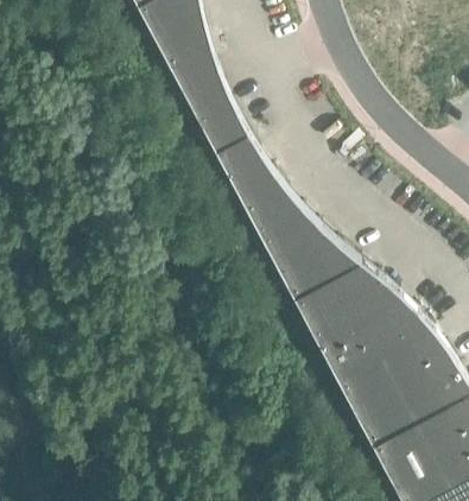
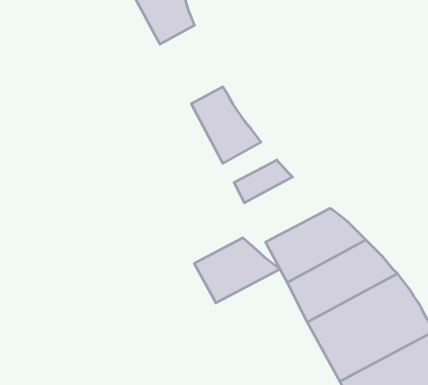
building: [185,75,252,158] -> none
building: [252,198,309,241] -> none
building: [274,235,365,304] -> [194,238,280,303]

